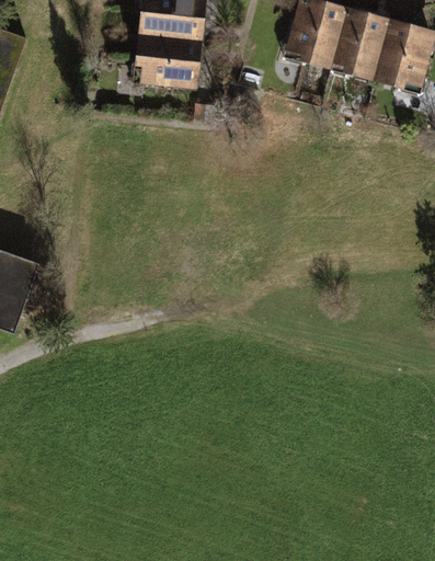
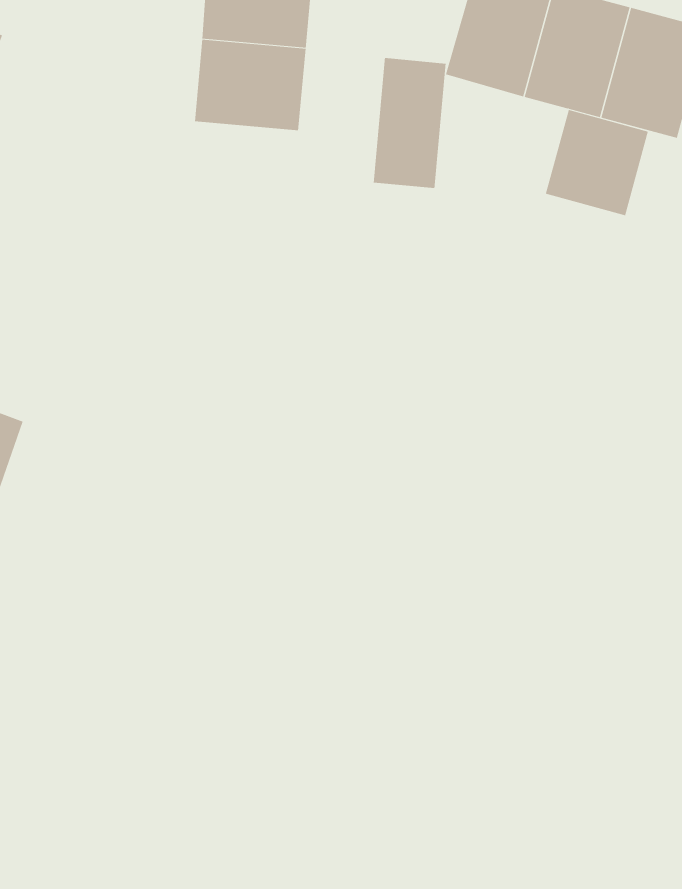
building: none -> [373,57,446,189]
building: none -> [545,109,648,216]

